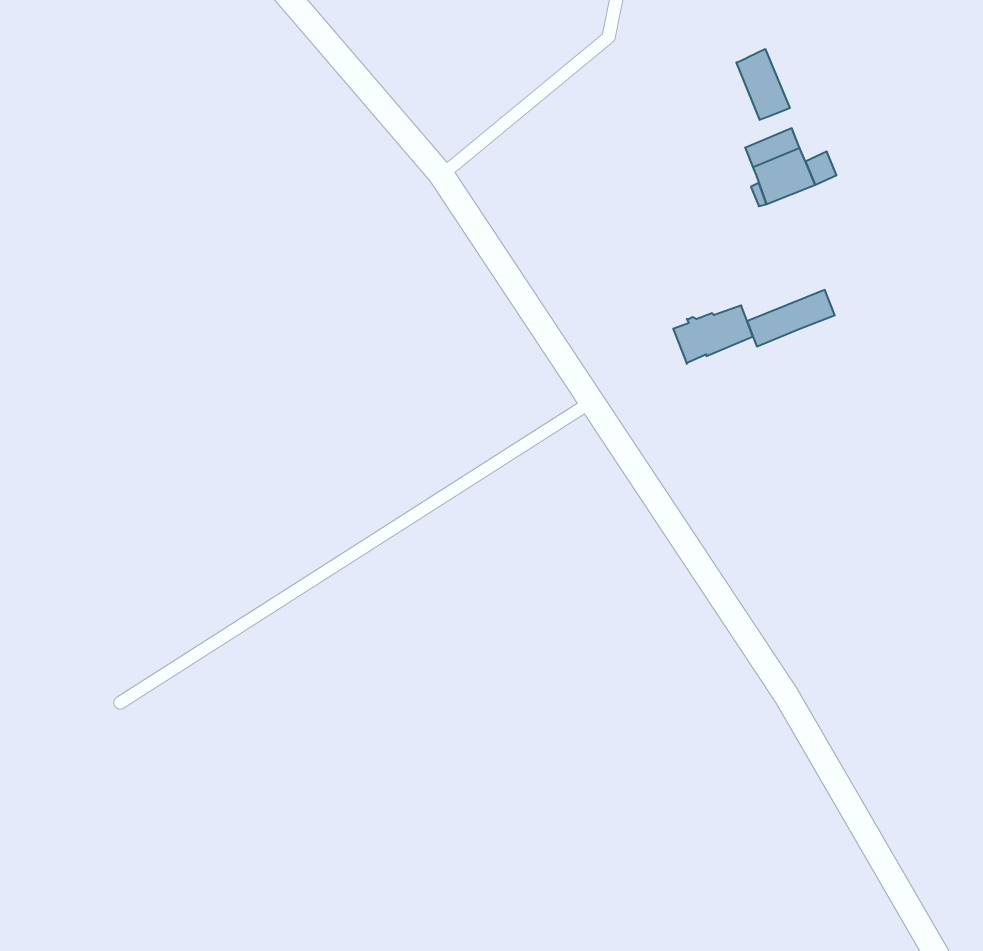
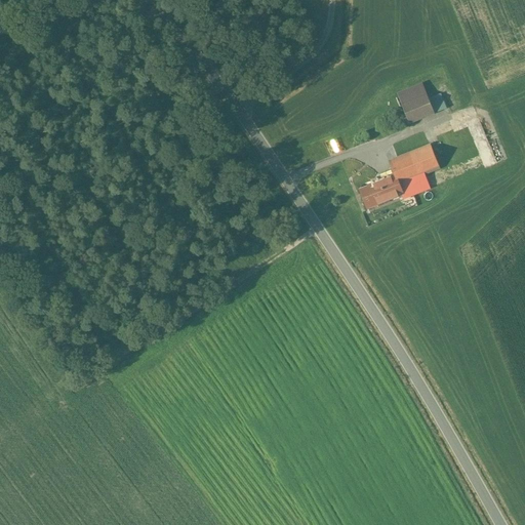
building: [736,49,790,120] -> none
building: none -> [389,145,439,185]

